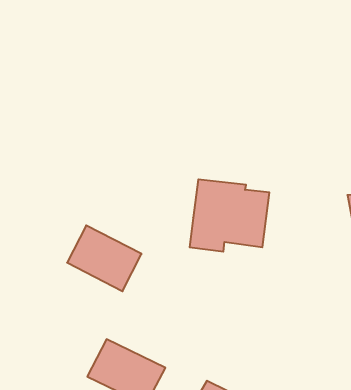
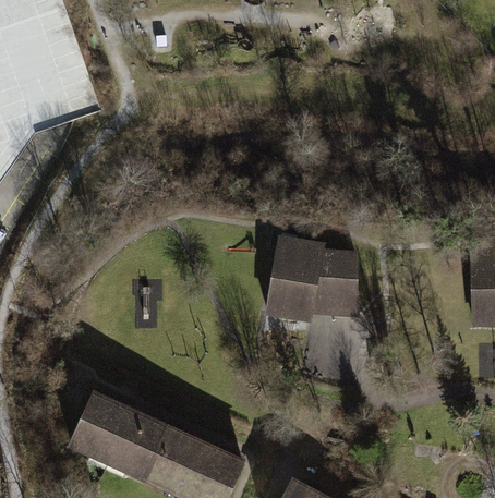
building: [67,225,142,291] -> [69,396,162,478]

